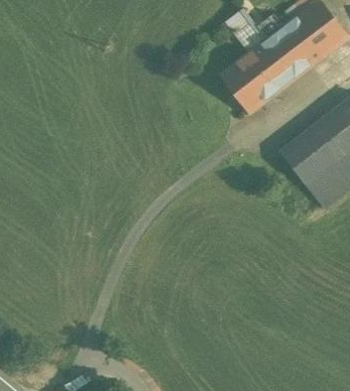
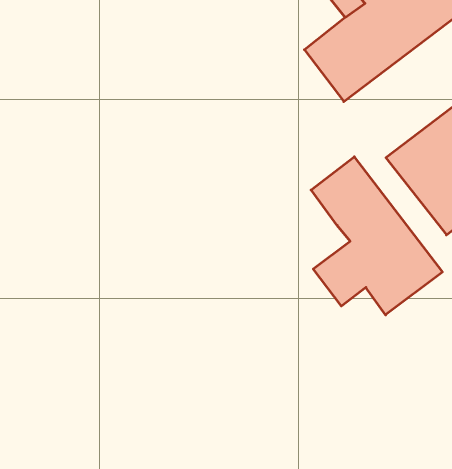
building: none -> [311,157,442,315]

